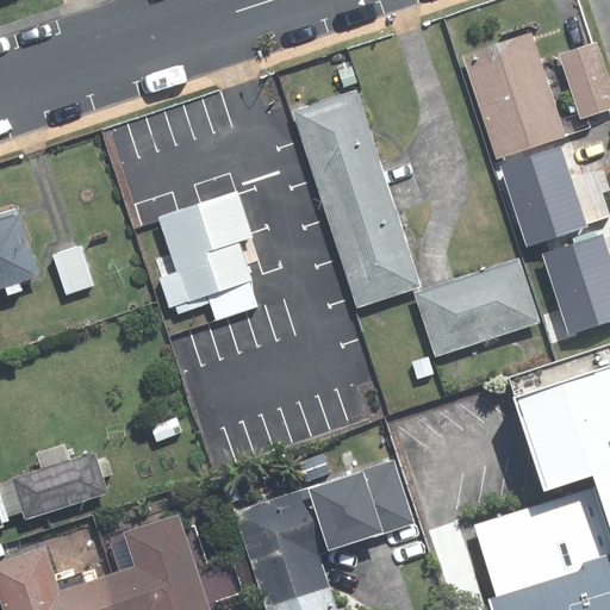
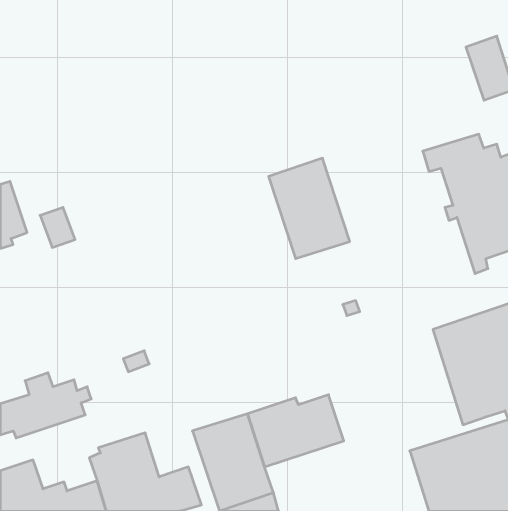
building: [463,35,574,180] -> none
building: [292,91,388,210] -> none
building: [157,191,257,320] -> none
building: [413,260,537,356] -> none

